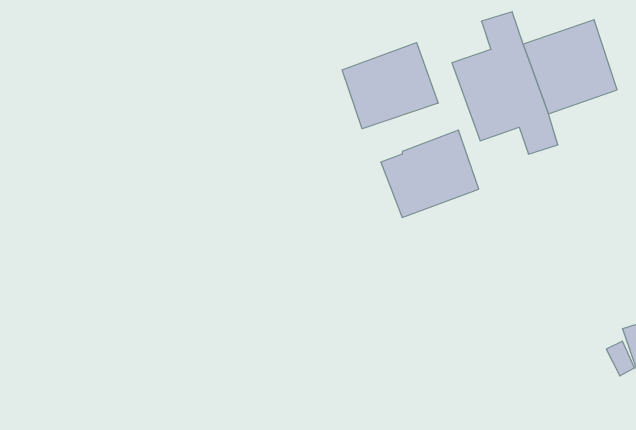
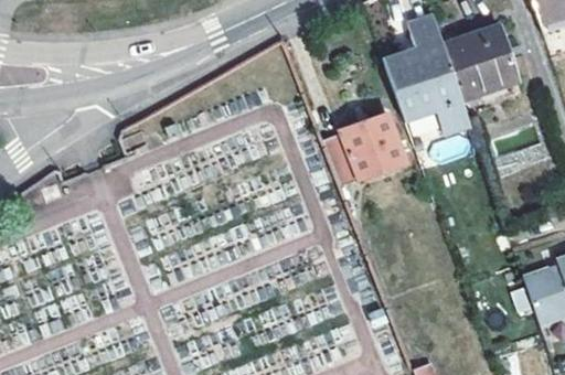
building: [342,43,438,129] -> none

